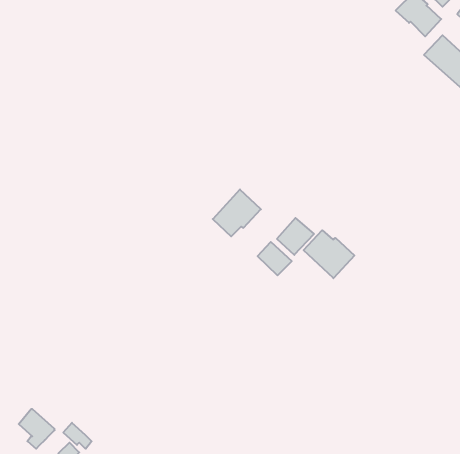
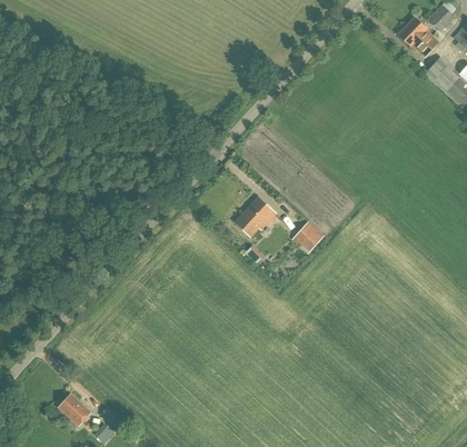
building: [304,230,354,278] -> none
building: [258,242,292,275] -> none

